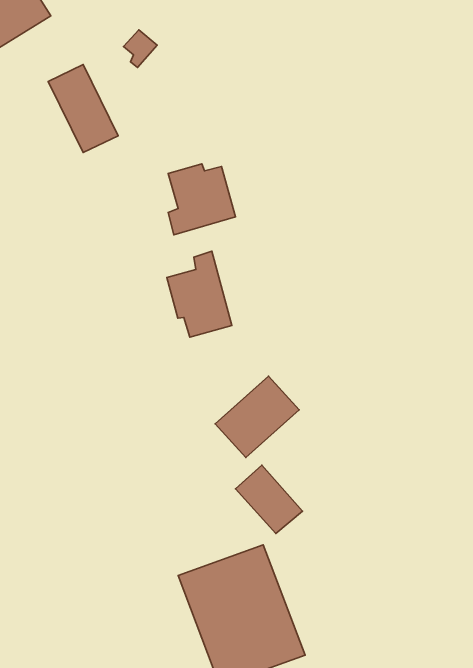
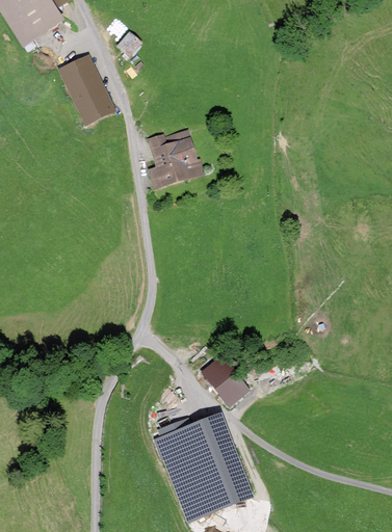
building: [167,251,232,337] -> none
building: [215,376,299,457] -> none

